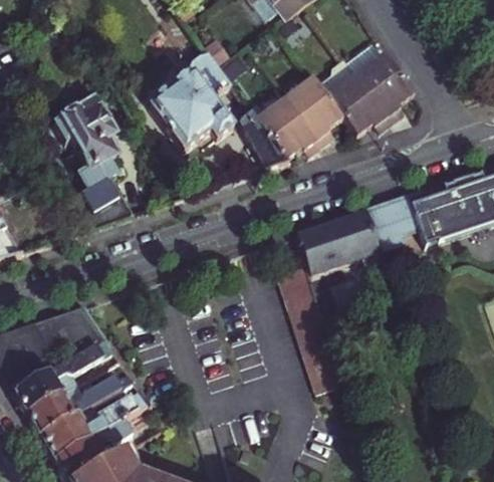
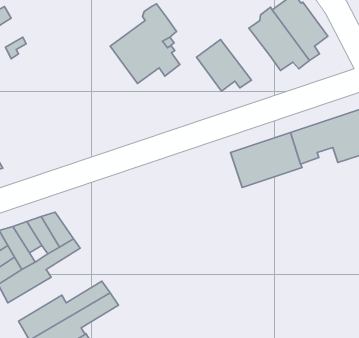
building: [284,75,343,146] -> none
building: [55,98,134,227] -> none
building: [241,113,288,170] -> none
building: [279,263,344,391] -> none
building: [27,368,136,437] -> none

